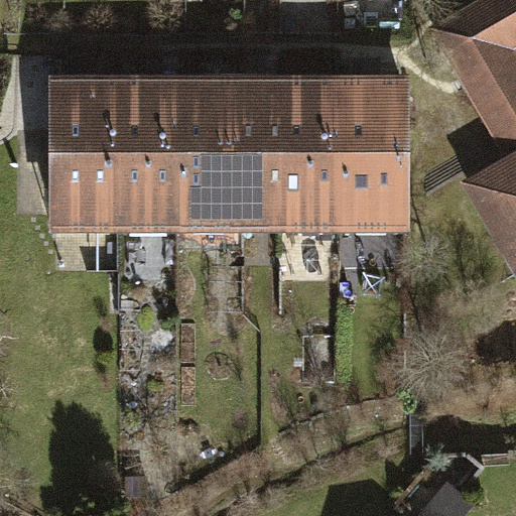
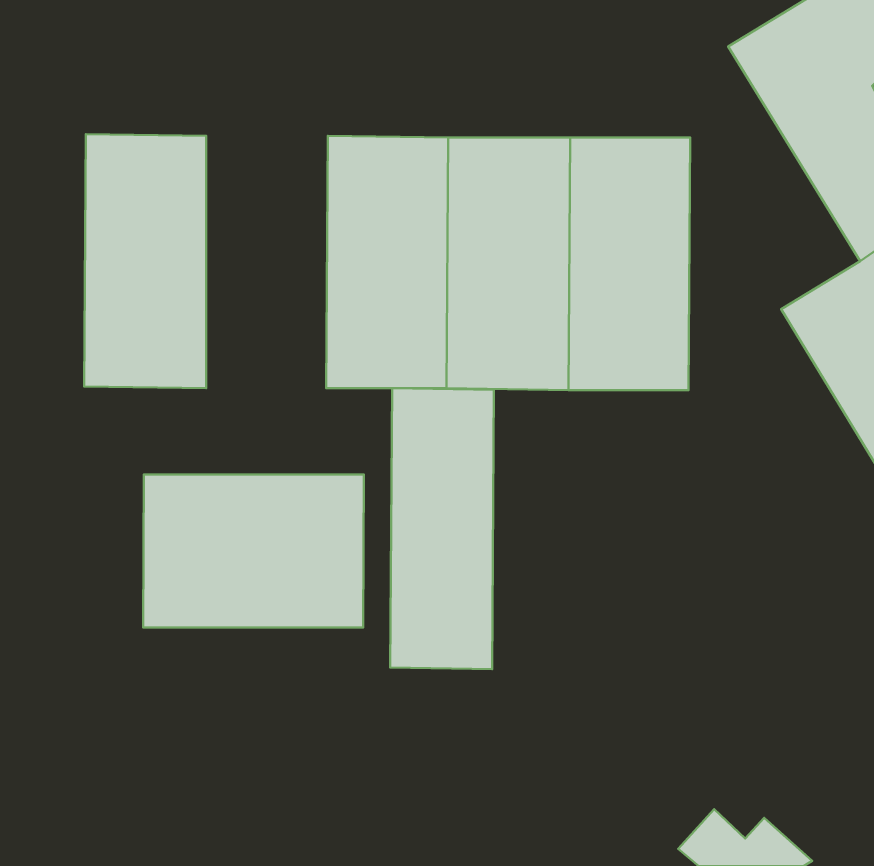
building: [123,80,195,228] -> none
building: none -> [390,388,494,669]
building: none -> [143,475,364,627]

